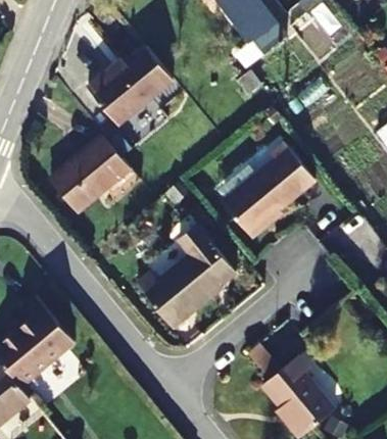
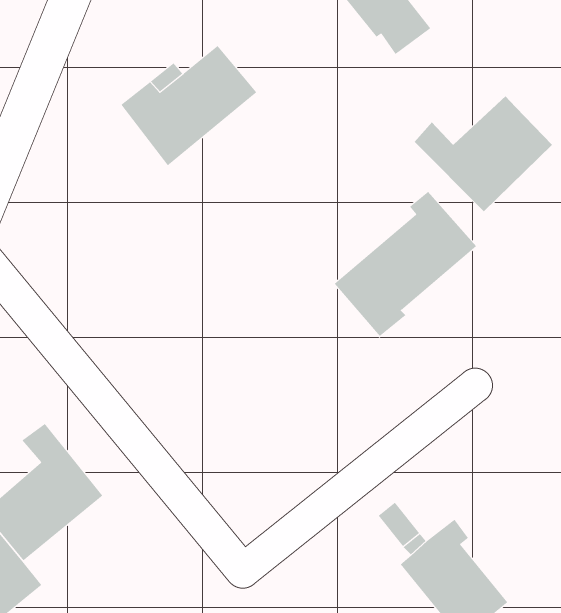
building: none -> [414,96,553,212]
building: [50,139,128,213] -> none
building: [137,226,236,329] -> none

